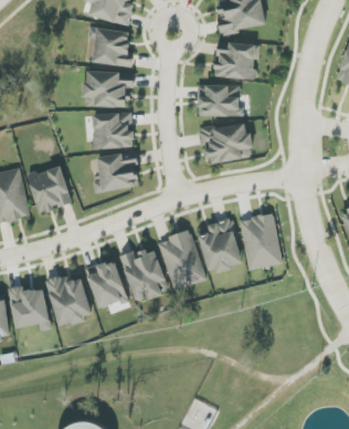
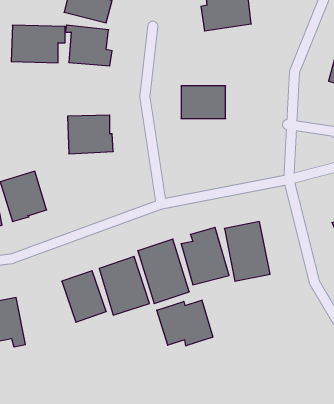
building: [213,43,257,80] -> none
building: [83,72,134,107] -> [11,25,65,63]
building: [197,122,252,165] -> none
building: [93,153,138,191] -> none
building: [44,275,92,326] -> none
building: none -> [157,300,213,346]

